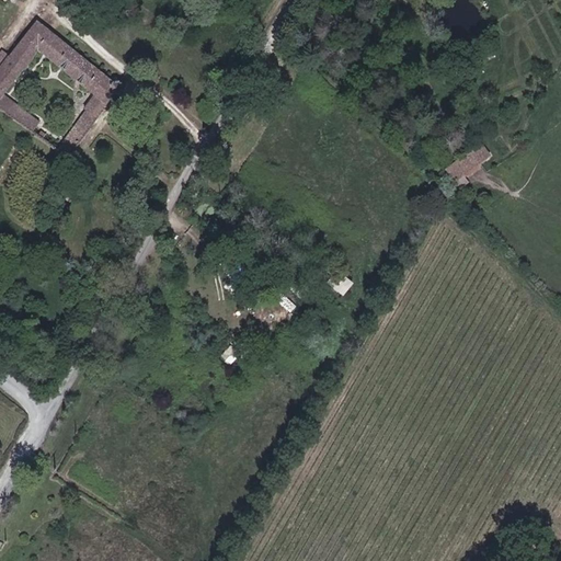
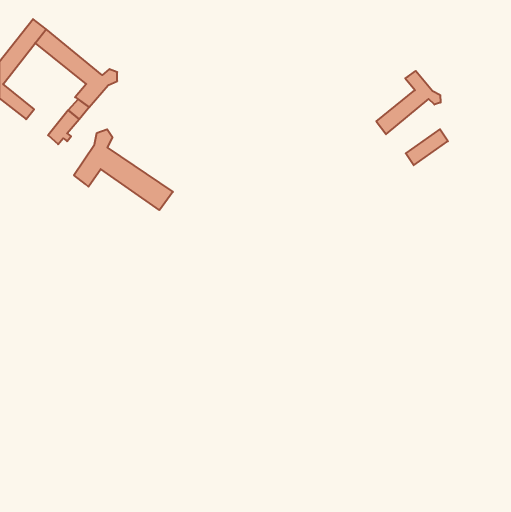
building: none -> [376,71,441,134]
building: none -> [74,129,173,210]

